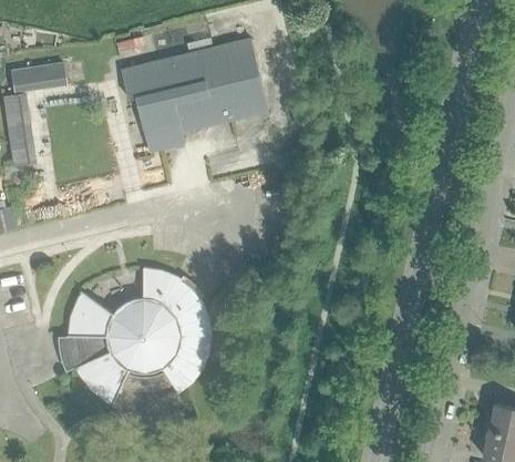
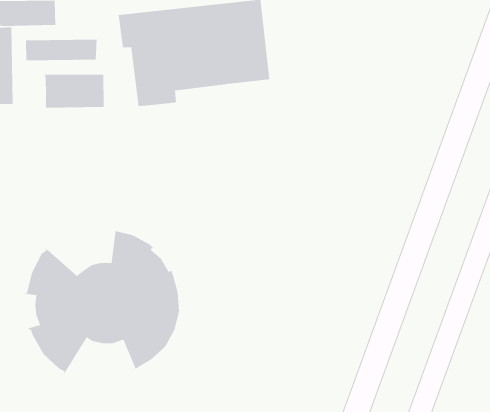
building: none -> [25,39,97,61]
building: none -> [45,73,104,109]

